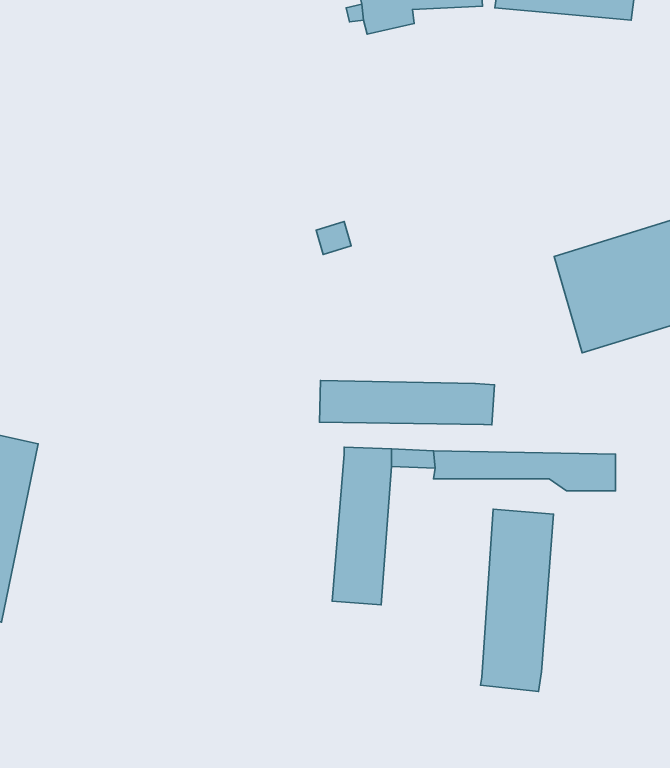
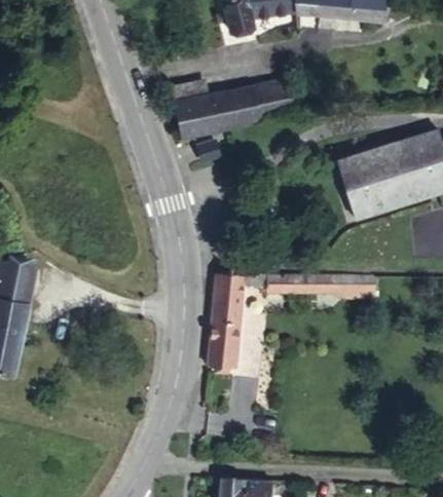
building: none -> [174,86,286,138]
building: [320,380,495,425] -> none
building: [481,509,554,691] -> none

